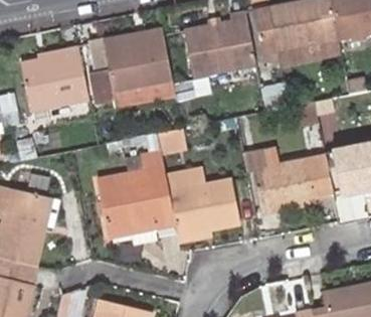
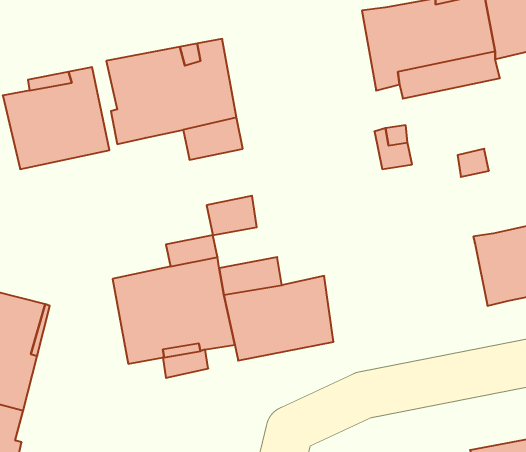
building: [185,10,256,75] -> none
building: [240,147,335,214] -> none

